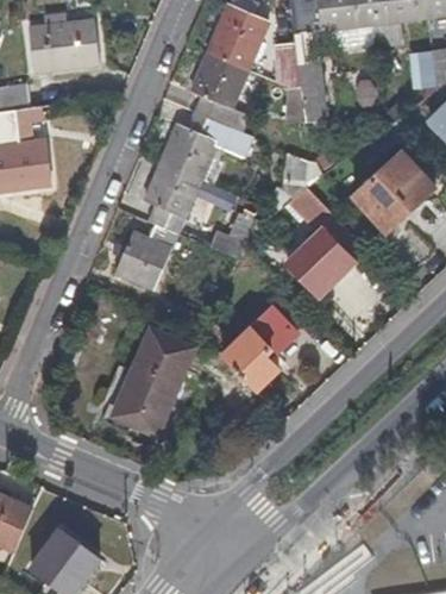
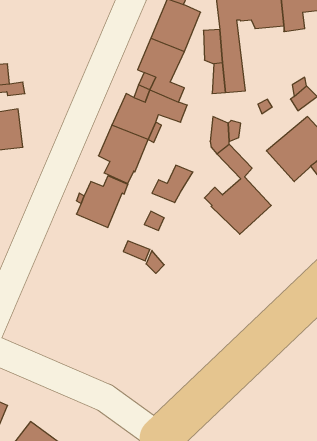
building: [29,15,100,73] -> none
building: [220,304,299,389] -> none
building: [100,327,195,443] -> none

